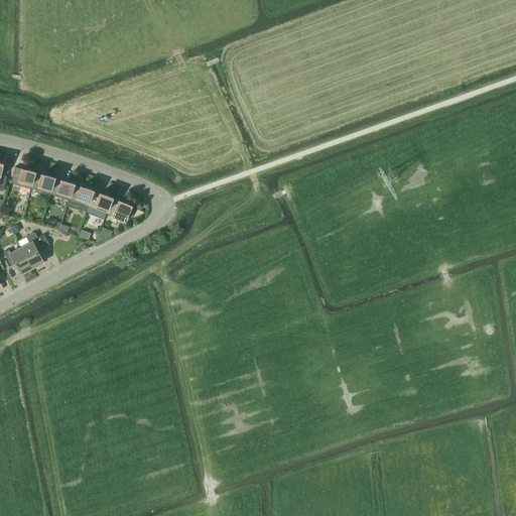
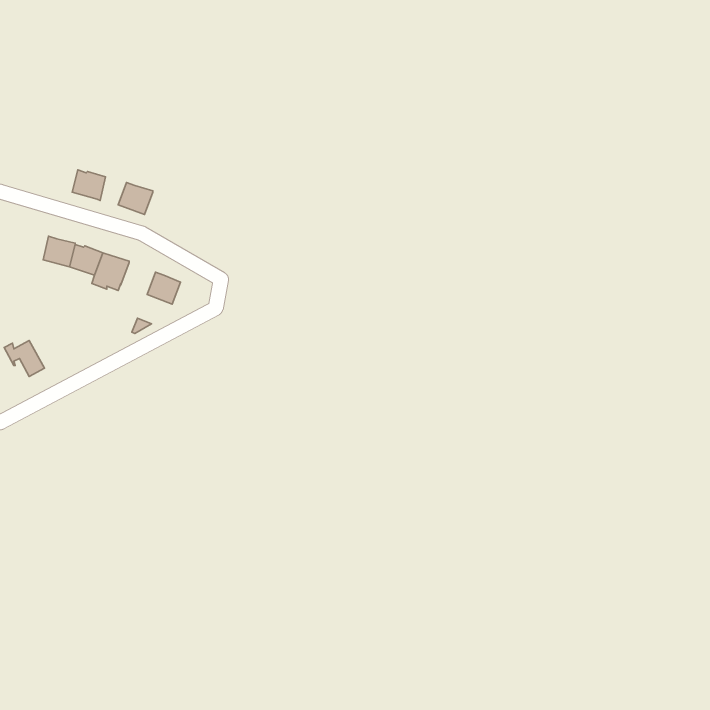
building: [11,166,35,188] -> [72,170,106,201]
building: [88,190,113,214] -> [118,183,153,215]
building: [21,232,43,268] -> none

